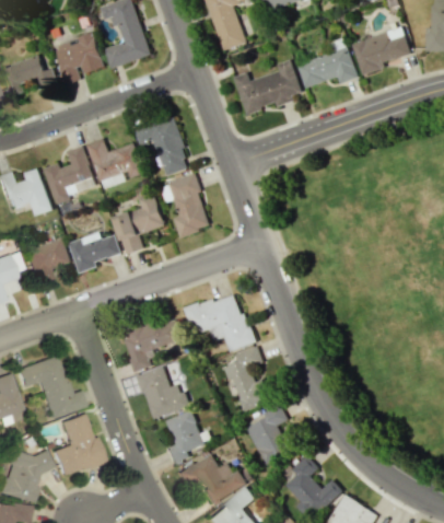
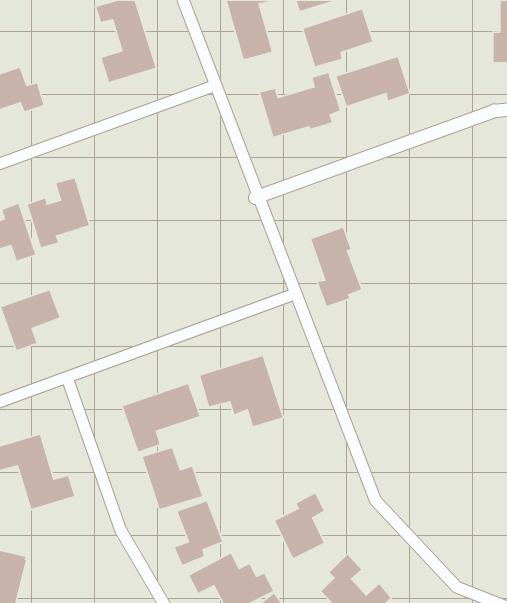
building: [353,27,411,75] -> [302,8,373,67]
building: [55,34,105,85] -> none
building: [135,116,190,176] -> none
building: [87,139,144,189] -> none
building: [168,172,211,237] -> [310,227,362,307]
building: [115,194,165,254] -> none
building: [70,233,121,274] -> none
building: [224,347,269,411] -> none
building: [51,414,102,477] -> none

